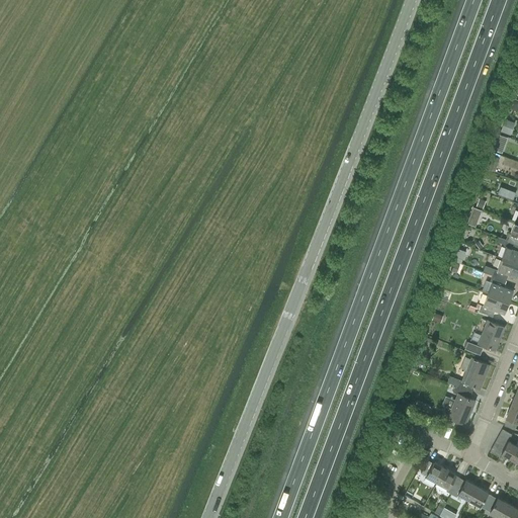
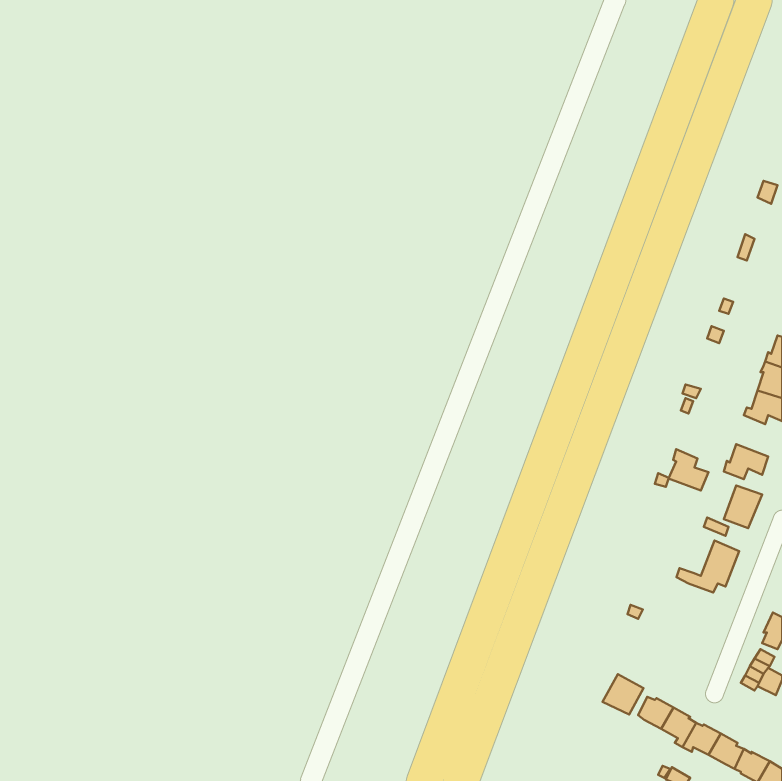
building: [487,275,513,303] -> [669,449,708,491]
building: [448,386,474,425] -> none
building: none -> [602,674,643,715]

